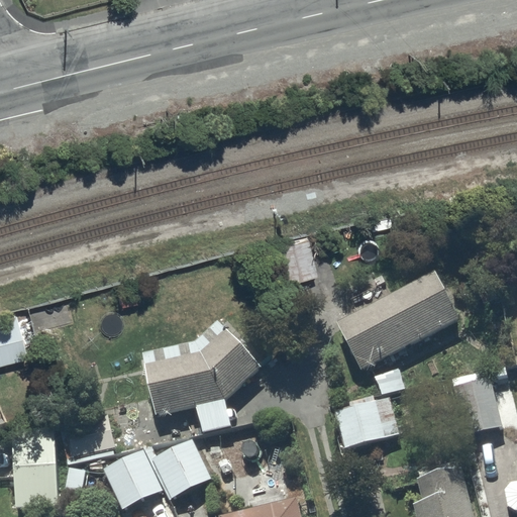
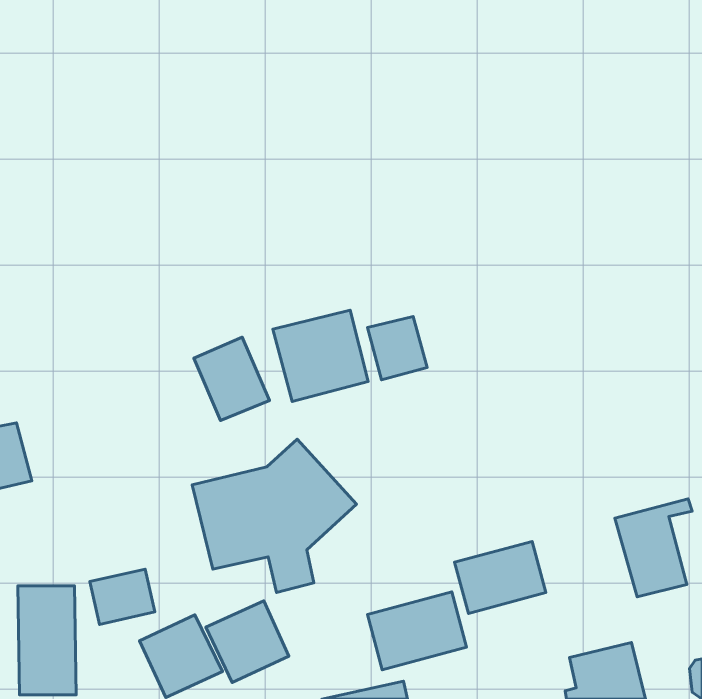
building: none -> [273,310,368,402]
building: none -> [194,337,270,421]
building: [334,271,460,372] -> none
building: none -> [367,592,466,670]

